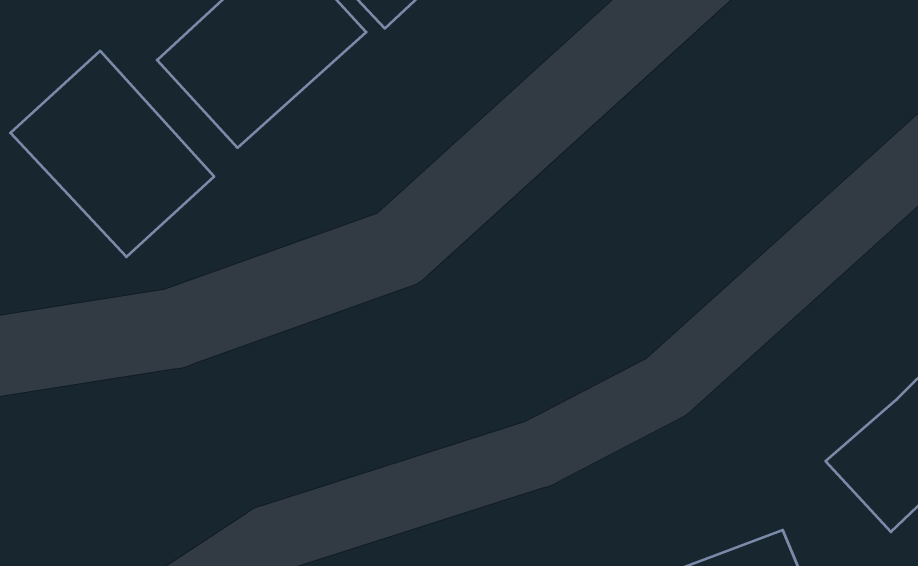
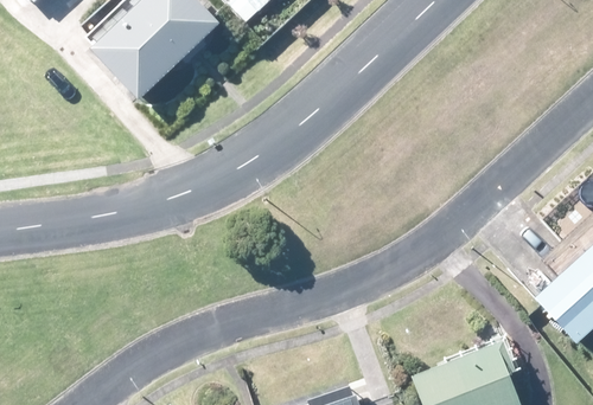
building: [10,51,214,257] -> none

